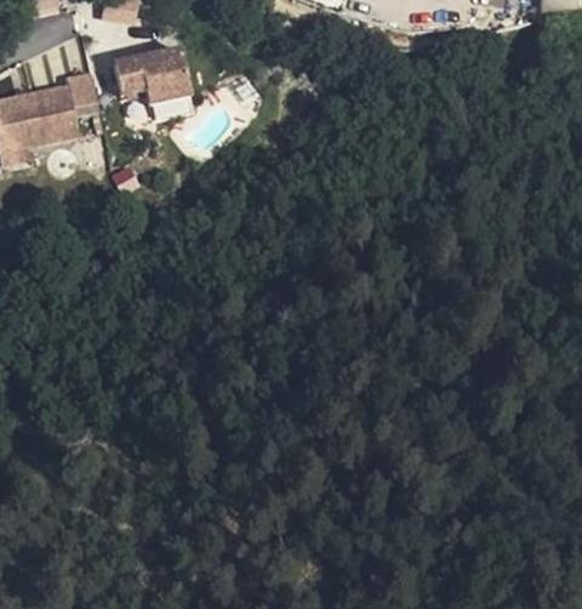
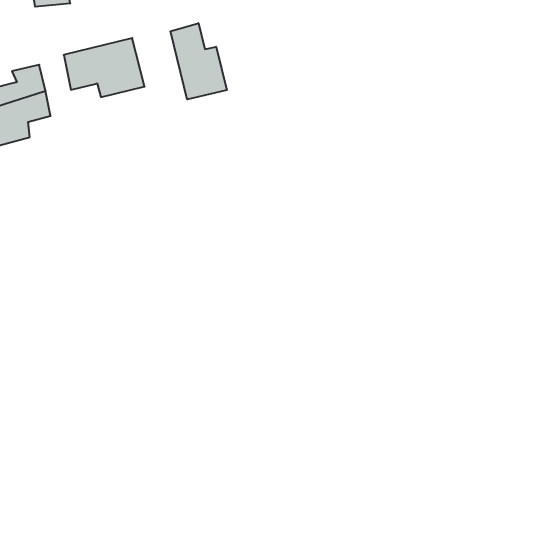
building: none -> [171,23,227,99]

